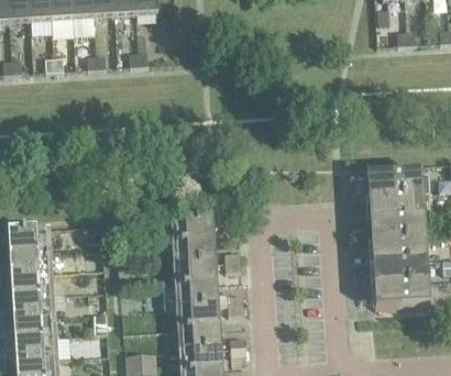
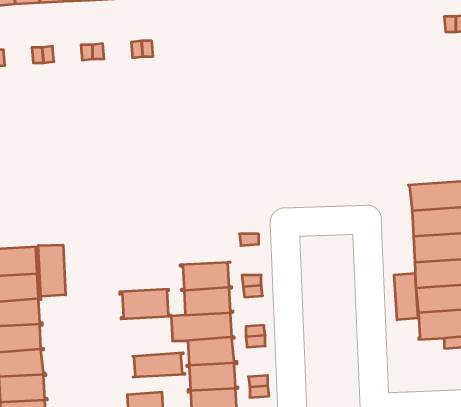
building: [169,214,213,240] -> [120,289,171,319]
building: none -> [38,245,66,296]
building: none -> [394,273,418,320]
building: none -> [133,353,185,377]

